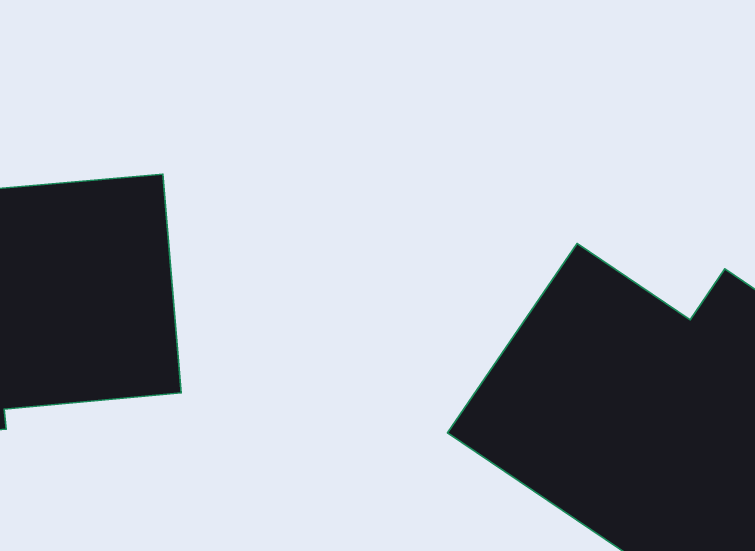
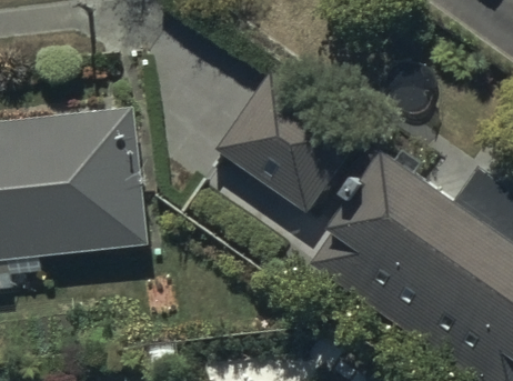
building: none -> [214,78,354,213]

